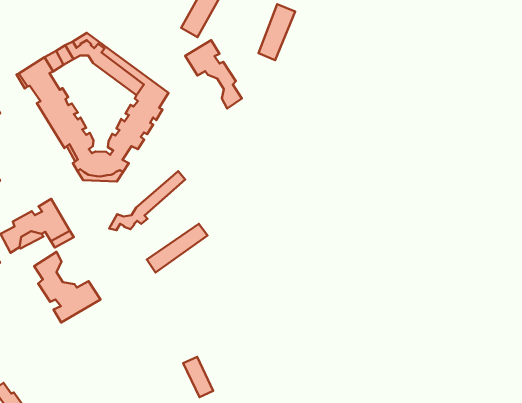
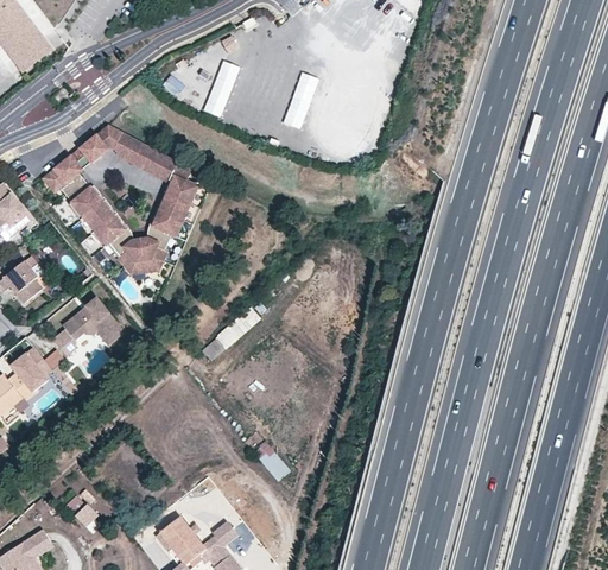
building: [185,40,242,108] -> none
building: [109,171,185,230] -> none
building: [34,252,101,323] -> none

